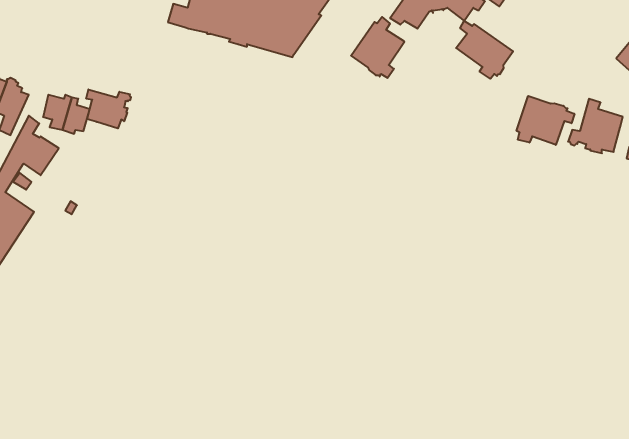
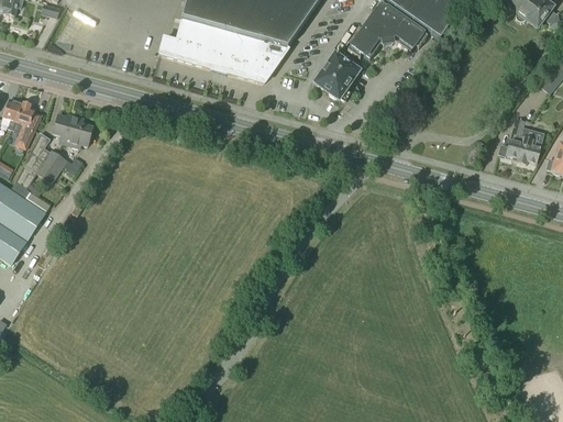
building: [456,21,513,79] -> none
building: [86,89,131,128] -> none
building: [517,96,574,145] -> none

